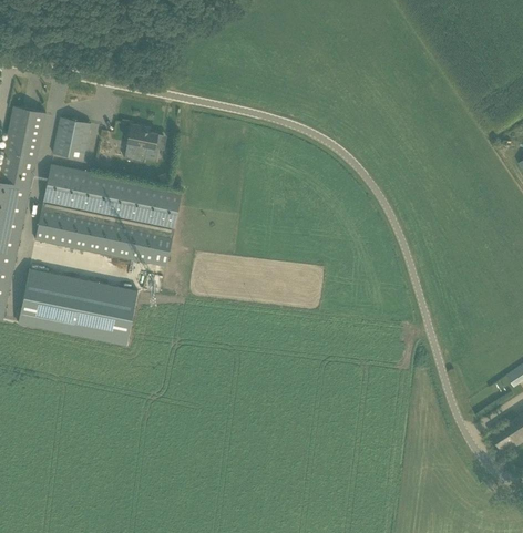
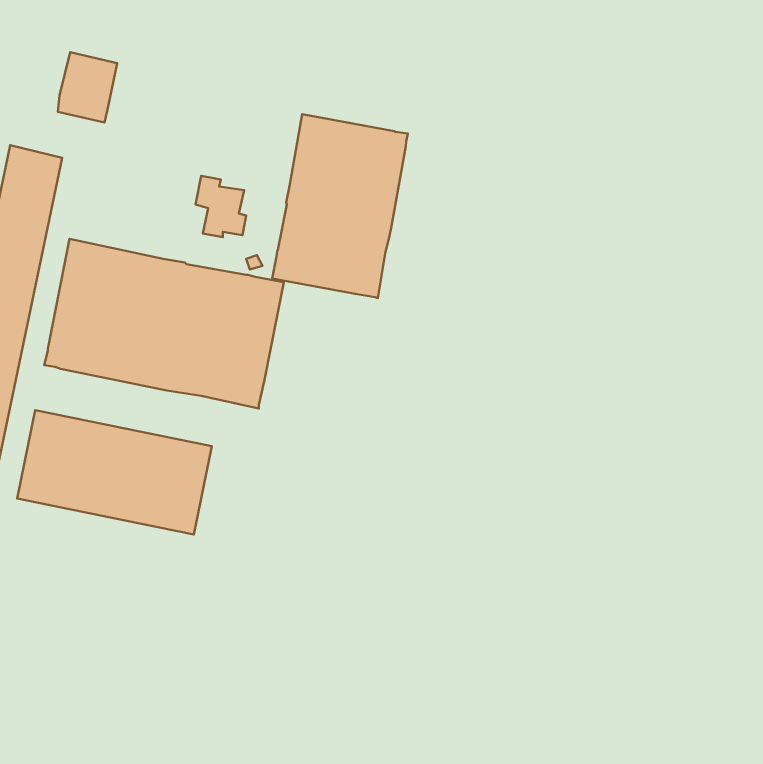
building: none -> [272,114,408,298]
building: [53,116,90,160] -> [58,52,117,123]

